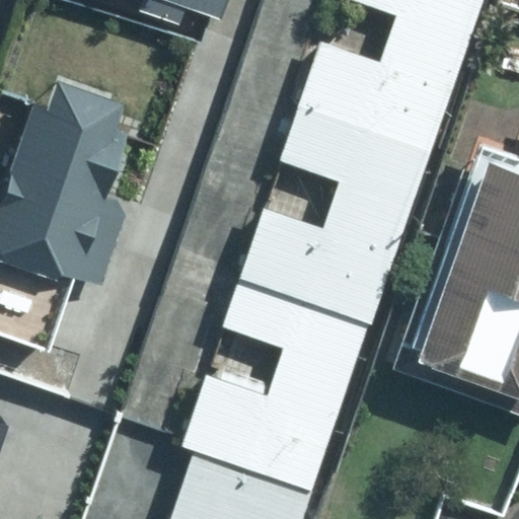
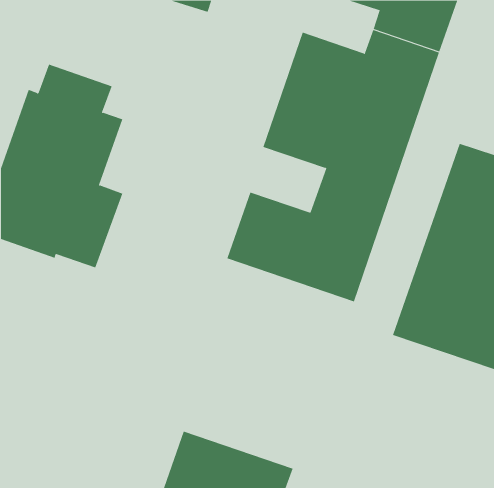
building: [180,286,363,487] -> none

